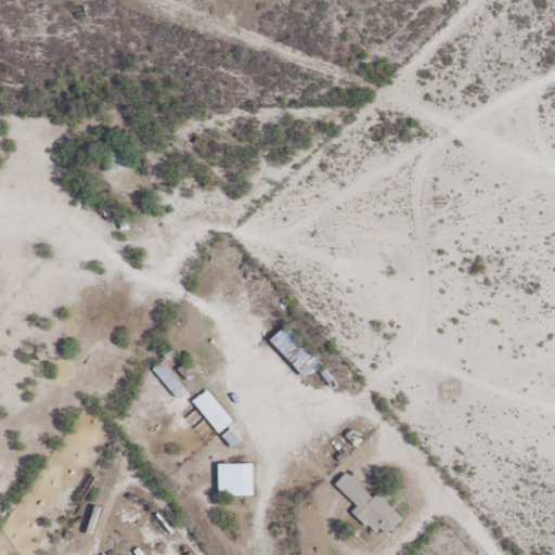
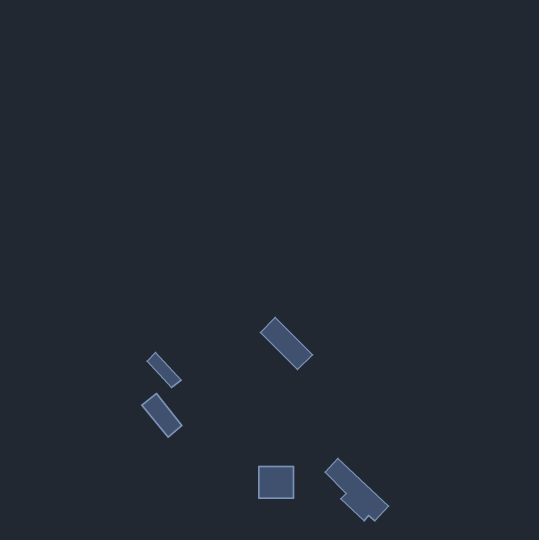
building: [192,388,233,433] -> [142,394,182,437]
building: [218,463,254,495] -> [259,466,294,498]

